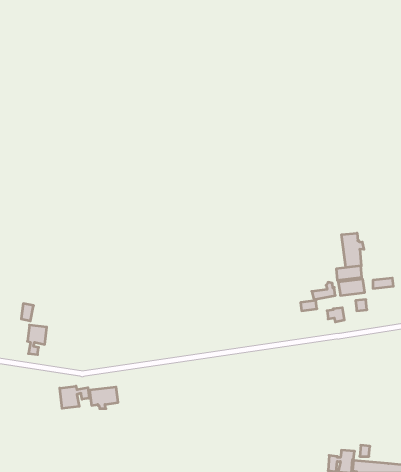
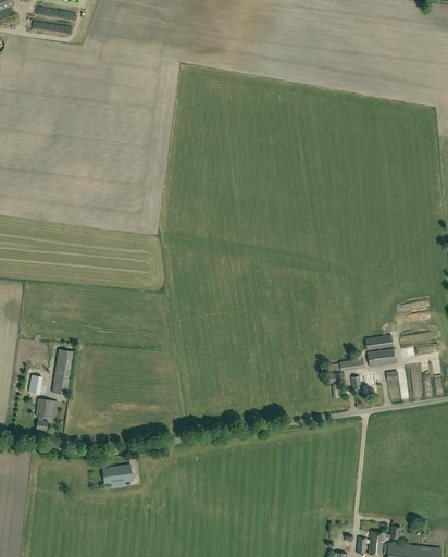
building: [342,233,364,267] -> none
building: none -> [51,349,73,395]
building: [60,386,89,408] -> none

